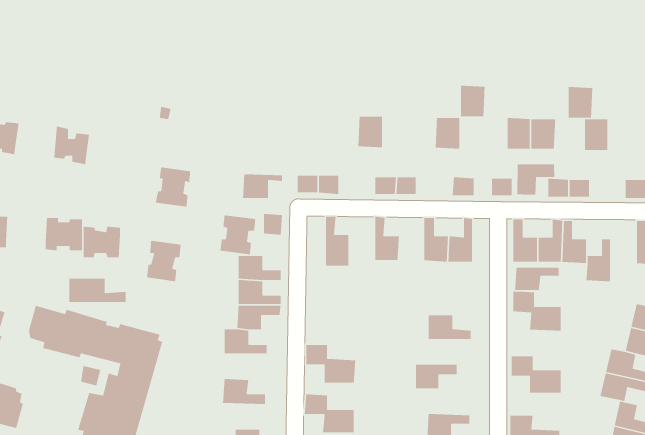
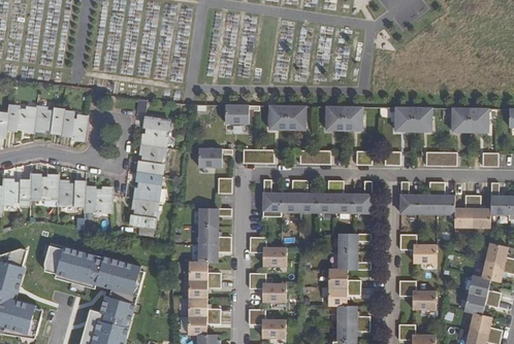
building: [460,85,486,117] -> [325,106,344,130]
building: [568,86,593,119] -> [470,108,488,132]
building: none -> [228,105,258,124]
building: none -> [268,106,287,129]
building: none -> [35,109,65,136]
building: none -> [141,118,168,146]
building: [516,164,555,195] -> none
building: none -> [29,173,58,199]
building: [220,214,256,255] -> [134,170,161,200]
building: none -> [280,179,298,212]
building: none -> [316,180,334,212]
building: none -> [472,196,490,228]
building: [514,267,559,291] -> [338,234,371,251]
building: [68,278,127,303] -> none
building: none -> [249,237,285,266]
building: none -> [328,269,359,287]
building: none -> [188,280,220,299]
building: none -> [338,306,368,324]
building: none -> [187,316,219,335]

